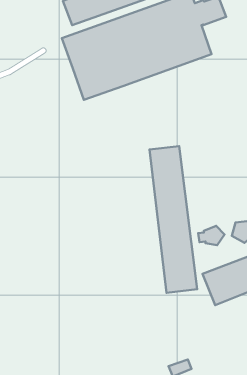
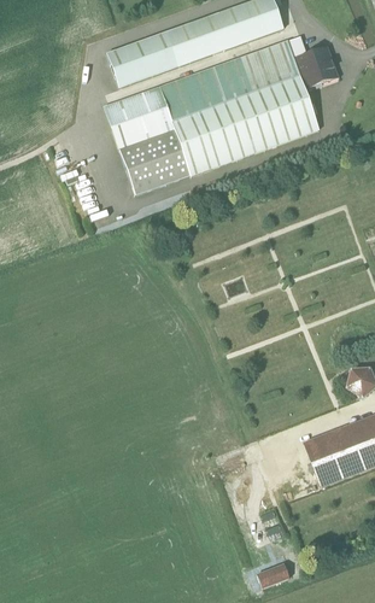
building: [149,146,197,293] -> none
building: [198,226,225,245] -> none

